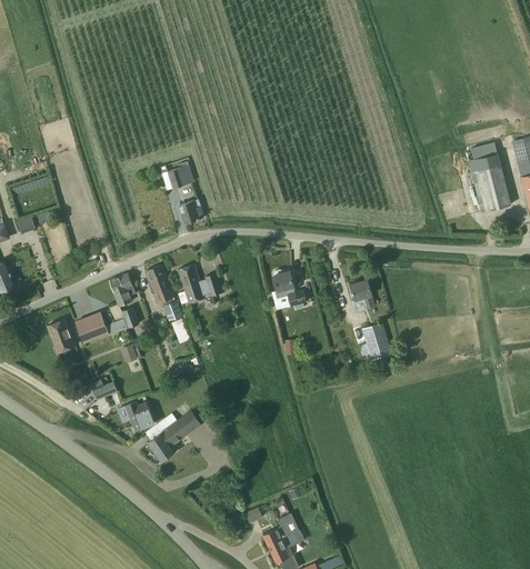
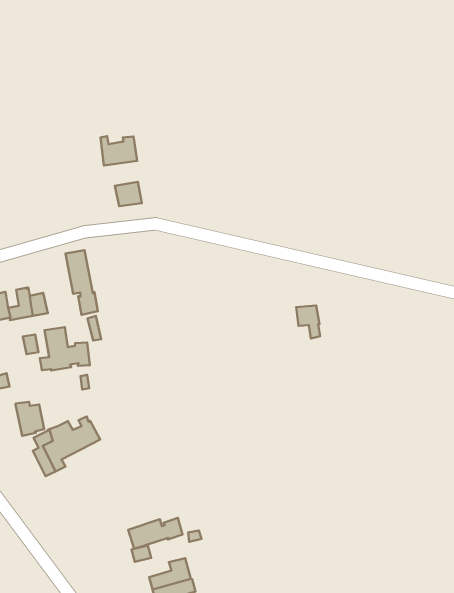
building: [178,263,221,303] -> [40,327,90,371]
building: [272,268,307,309] -> none
building: [109,272,136,306] -> none
building: [359,321,392,360] -> none
building: none -> [128,518,183,549]

